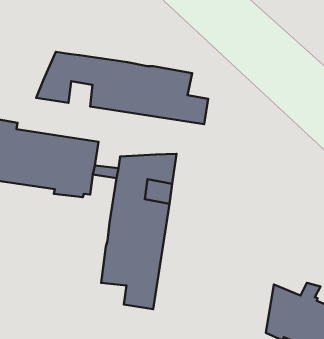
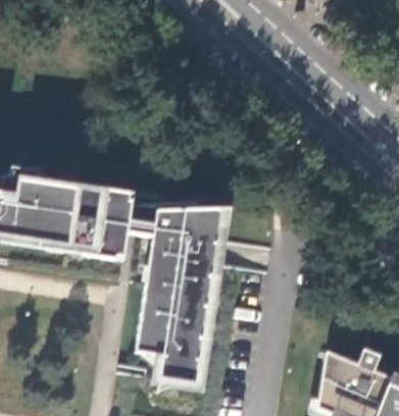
building: [36,52,208,124] -> none

